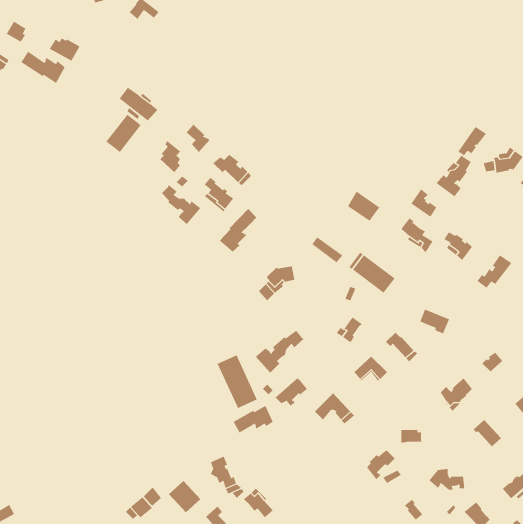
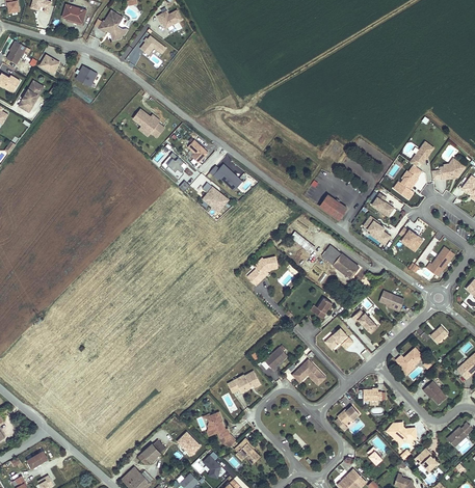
building: [21,51,66,84] -> none
building: [106,114,142,153] -> none
building: [161,184,201,225] -> none
building: [219,208,257,253] -> none
building: [255,330,304,374] -> none
building: [217,354,258,409] -> none

